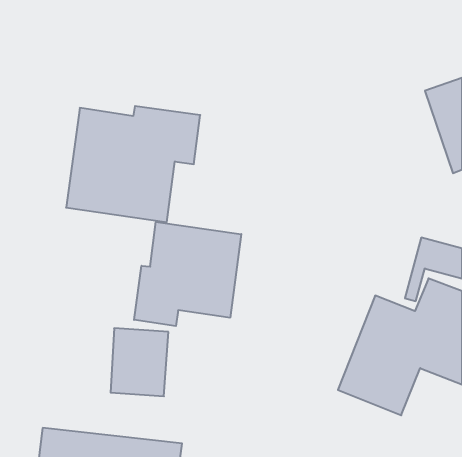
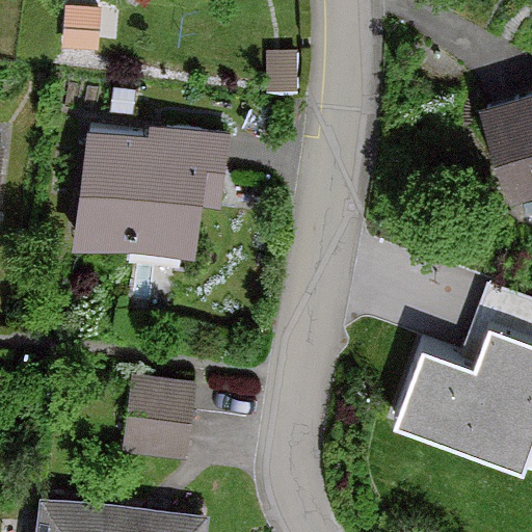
building: [134,222,241,326] -> none

